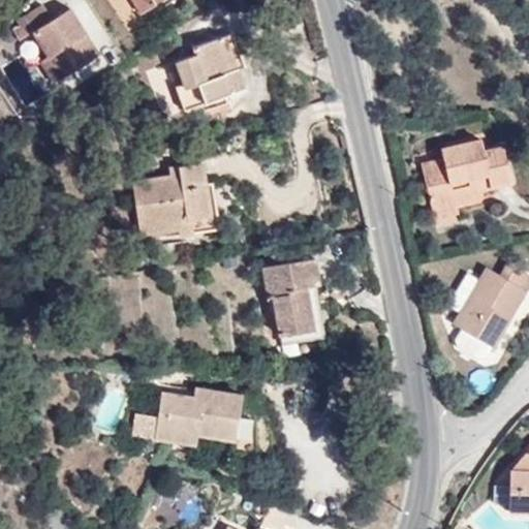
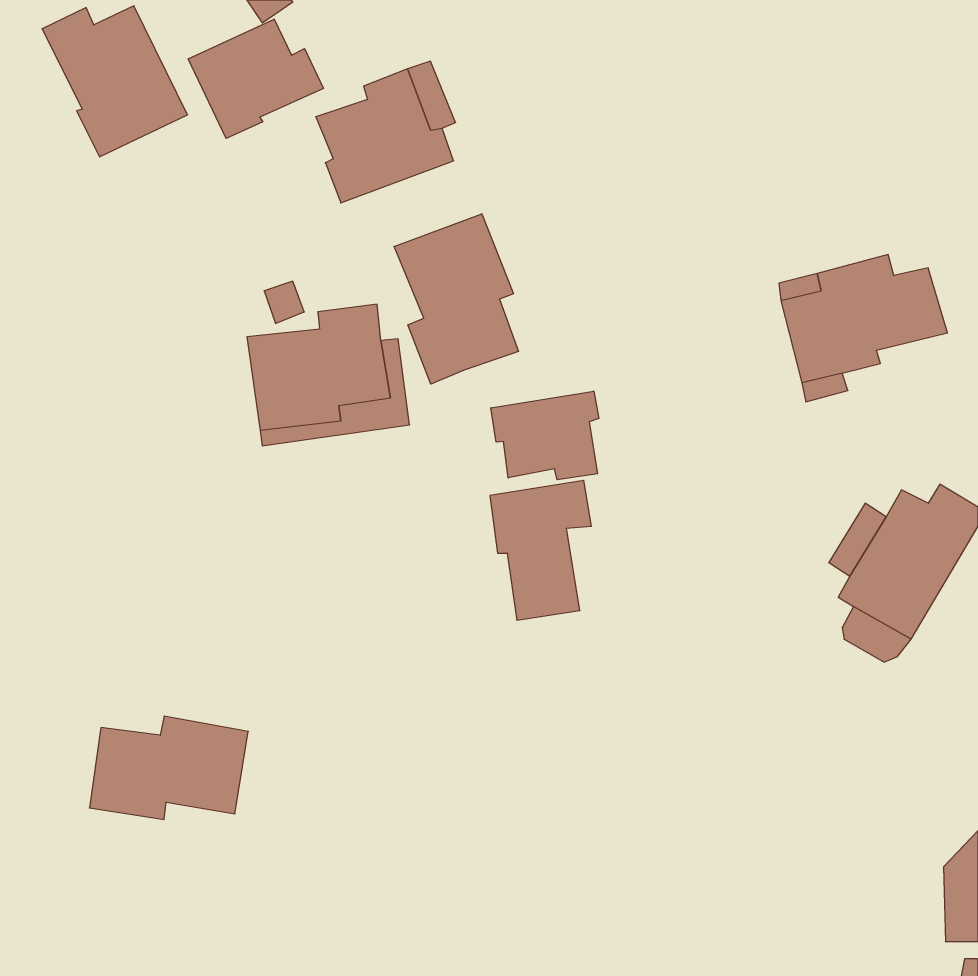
building: none -> [188,19,324,138]
building: none -> [394,214,519,384]
building: none -> [491,391,599,480]
building: [156,388,242,444] -> [89,716,248,819]

